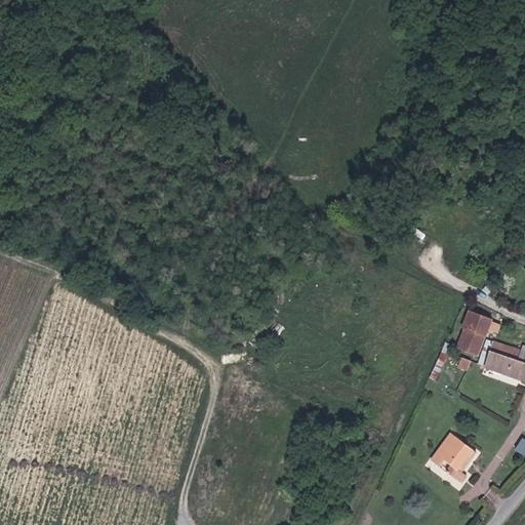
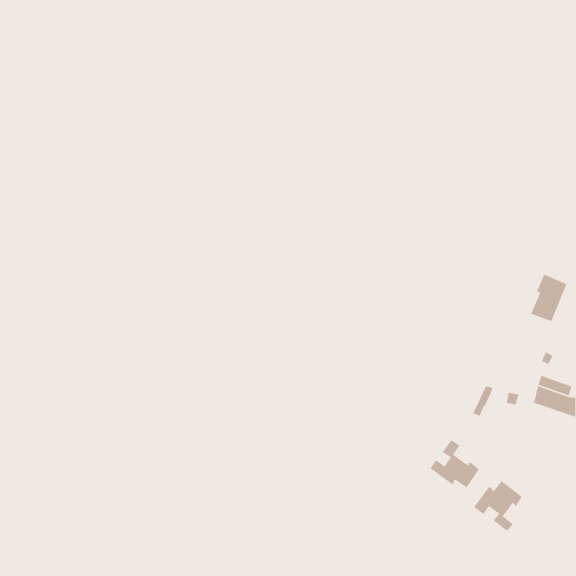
building: [456,312,490,356] -> [530,274,568,322]
building: none -> [430,439,480,489]

